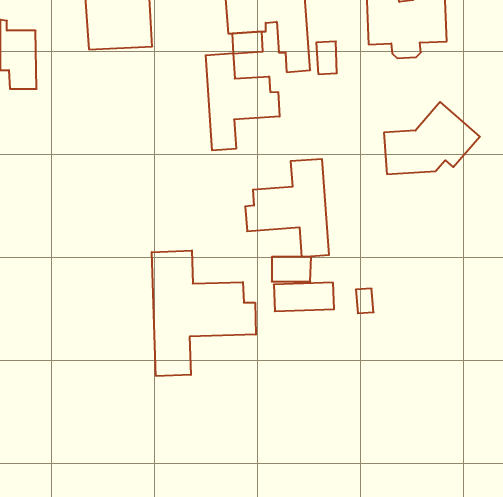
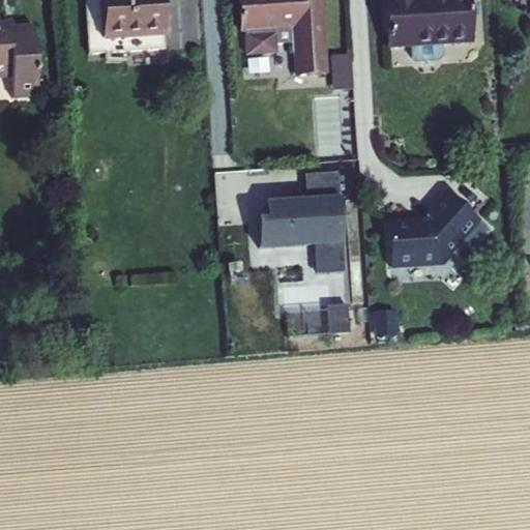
building: [206,53,280,150] -> none
building: [384,102,480,174] -> [389,190,490,266]
building: [152,250,256,376] -> none

